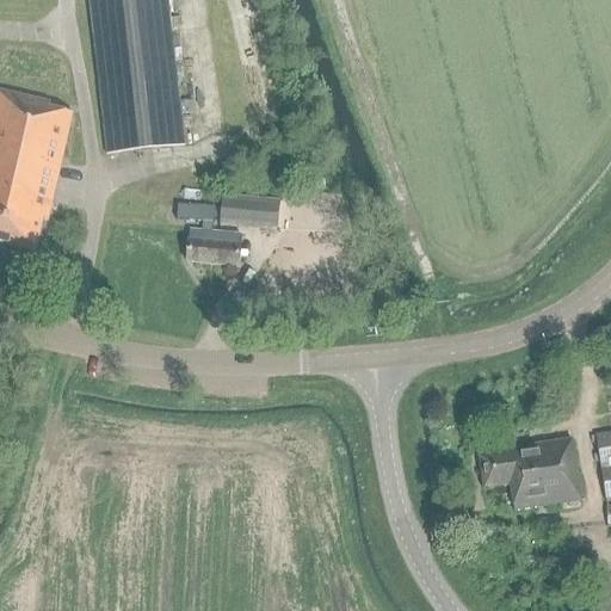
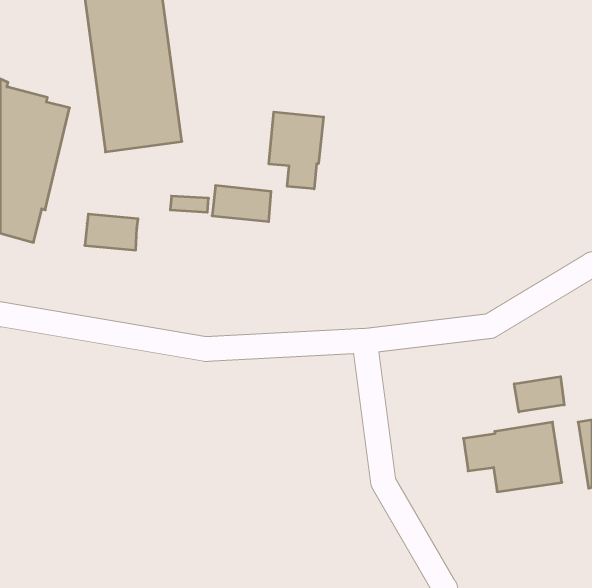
building: none -> [269,112,324,189]
building: [185,226,240,263] -> [85,214,138,250]
building: none -> [514,377,564,412]

